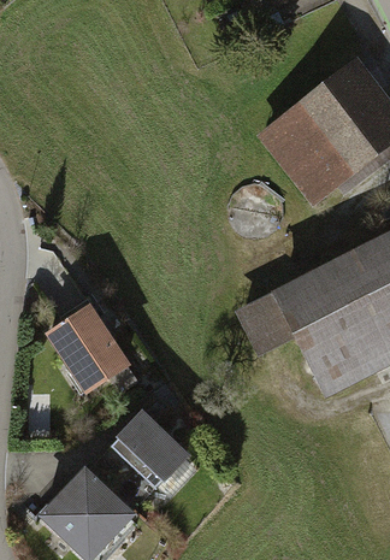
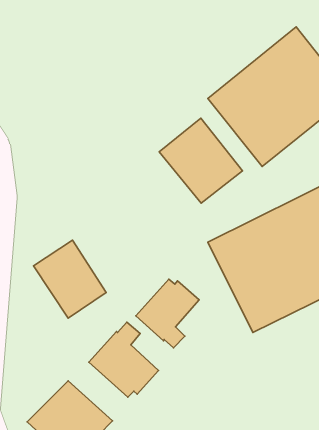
building: none -> [159,118,243,203]
building: none -> [136,279,199,348]

